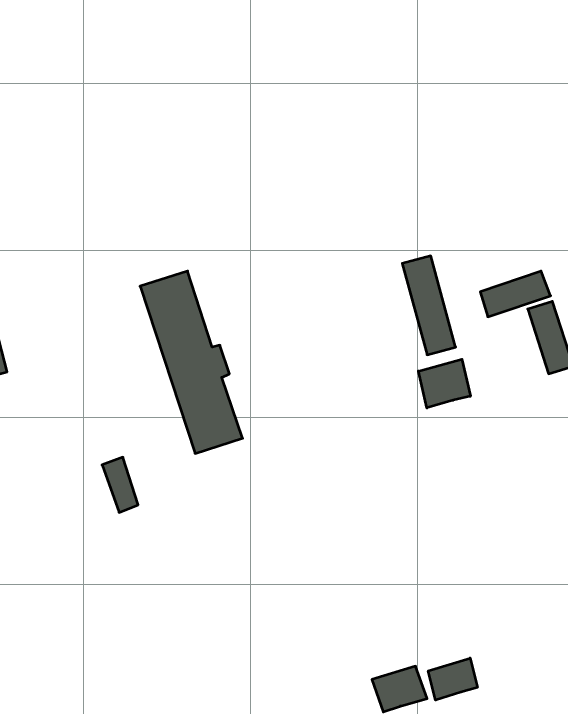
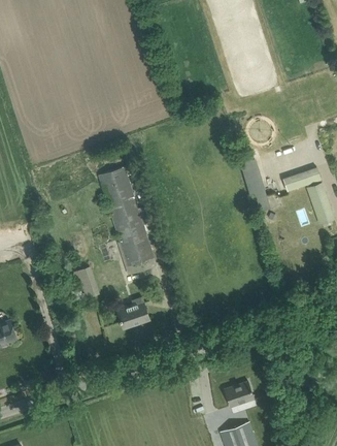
building: [418,359,470,408] -> none
building: none -> [115,298,148,328]
building: [428,658,477,700] -> none

